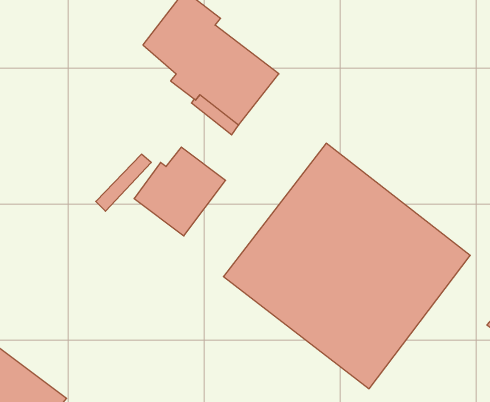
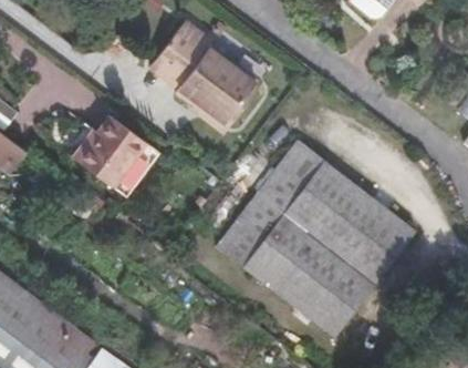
building: [134,147,226,236] -> [73,115,146,186]

